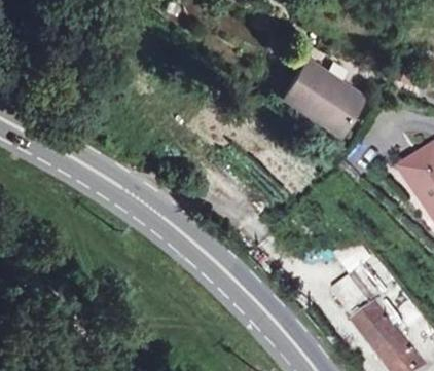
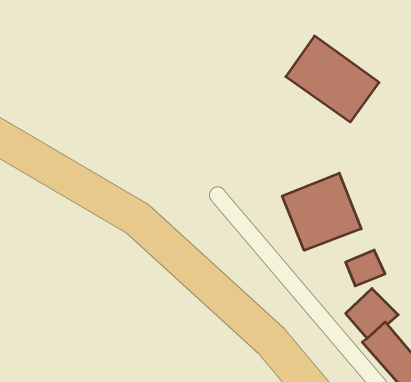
building: none -> [282,173,361,250]

